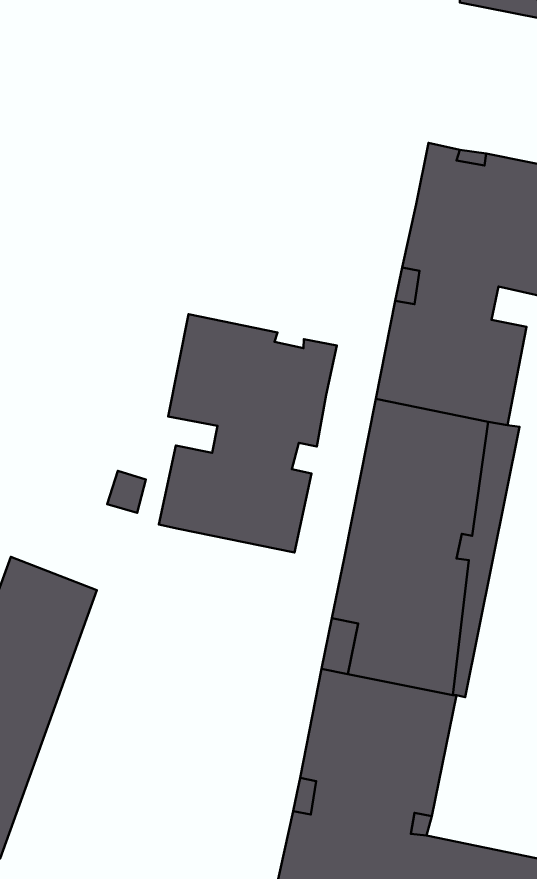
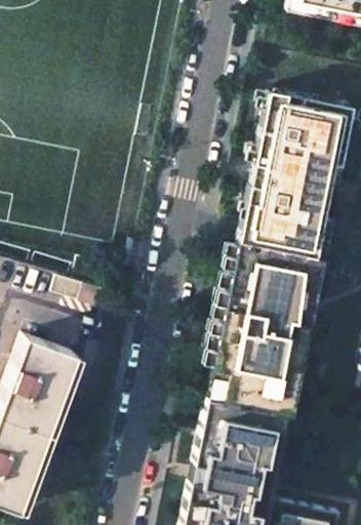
building: [159,314,337,553] -> none

